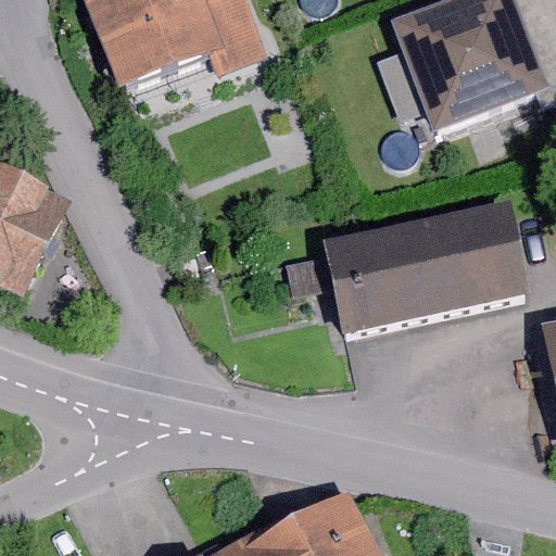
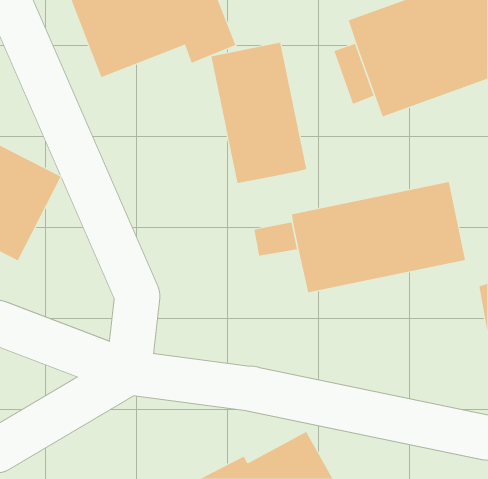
building: none -> [211,42,307,184]

